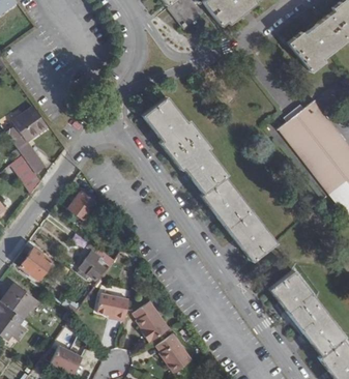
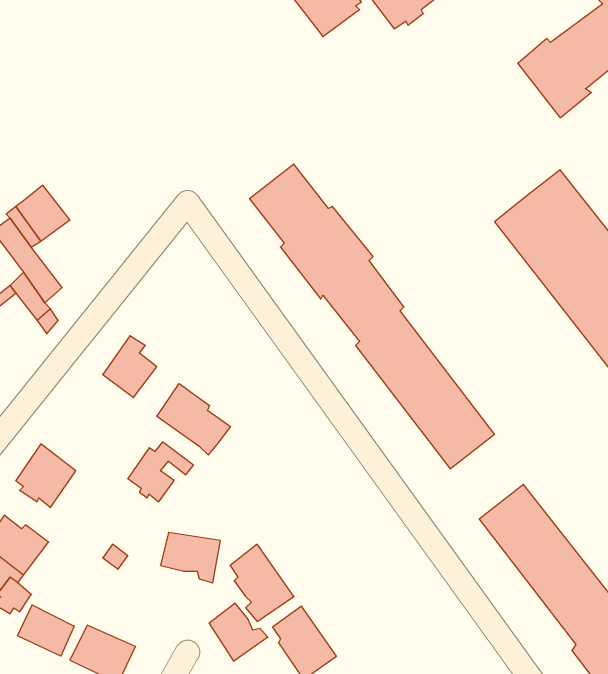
building: none -> [157,384,231,455]
building: none -> [209,603,268,661]
building: none -> [17,605,74,656]

